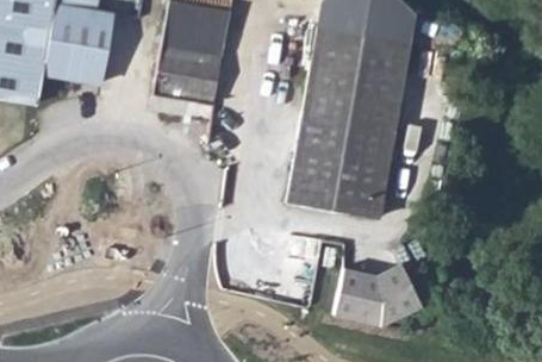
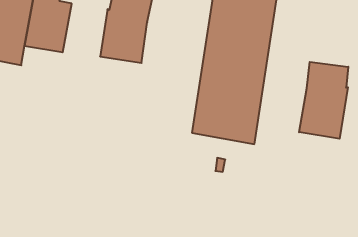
building: none -> [299,62,348,139]
building: [336,254,422,317] -> none

